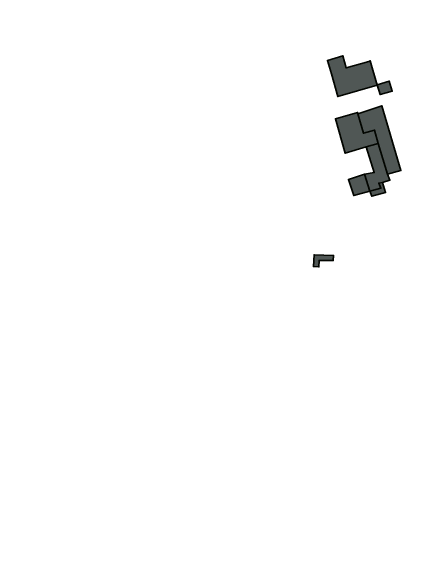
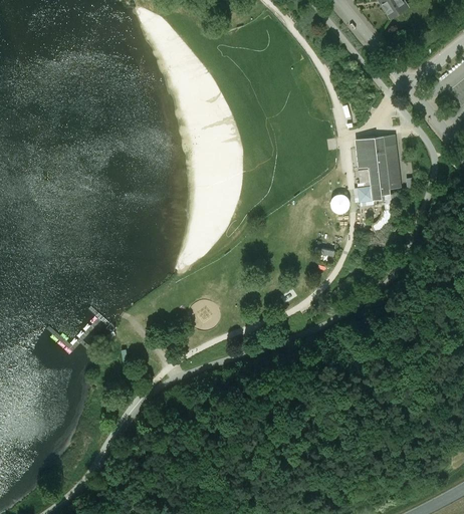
building: [327,56,377,97] -> none

